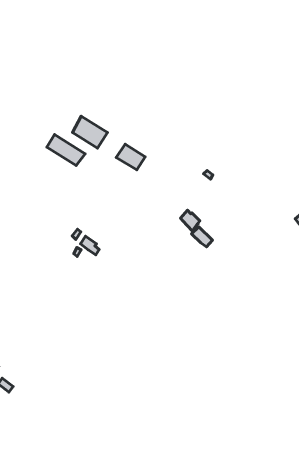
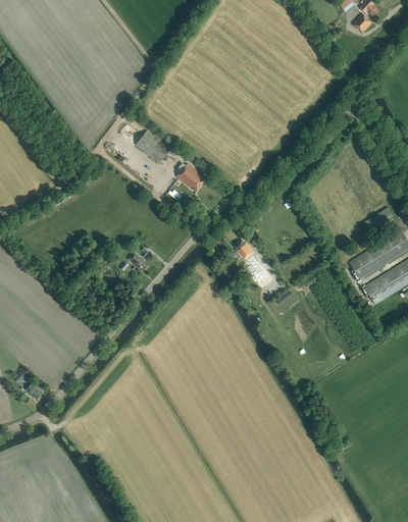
building: [47,135,85,166] -> none

